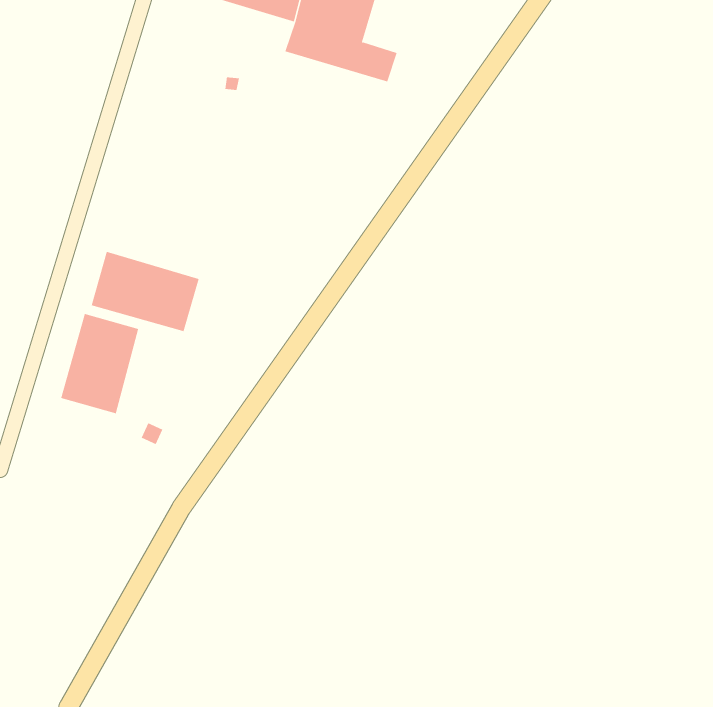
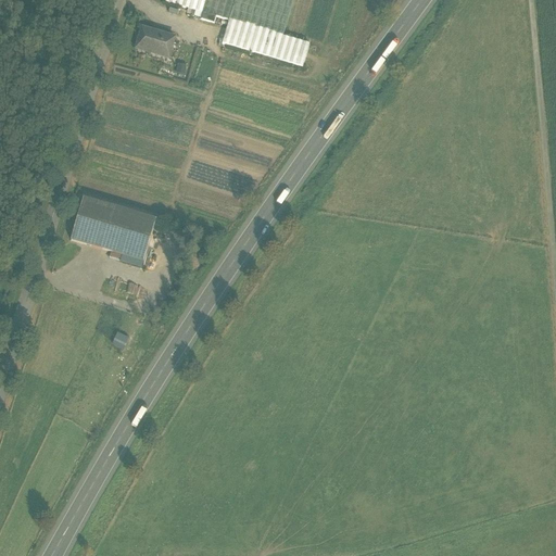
building: none -> [136,26,174,56]
building: [60,313,139,414] -> none

